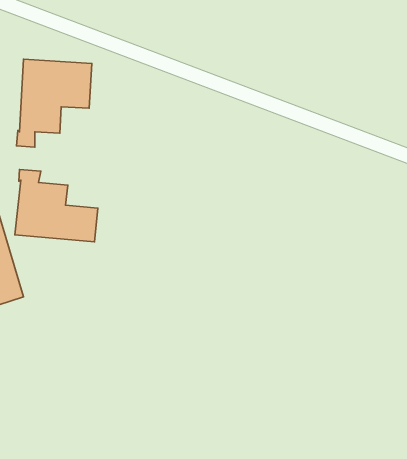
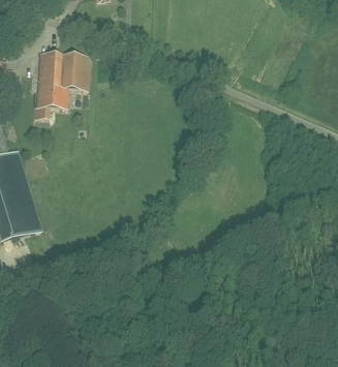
building: [15,169,98,242] -> none

